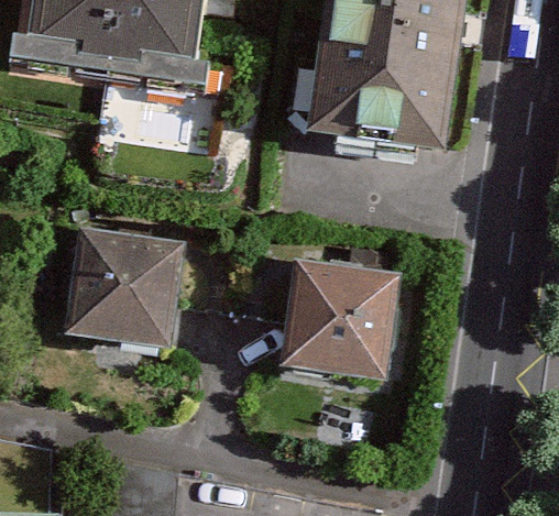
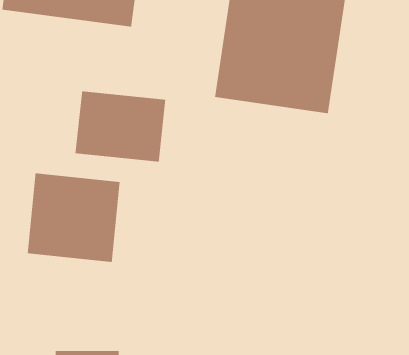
building: none -> [74,91,166,163]
building: [273,260,401,378] -> none

